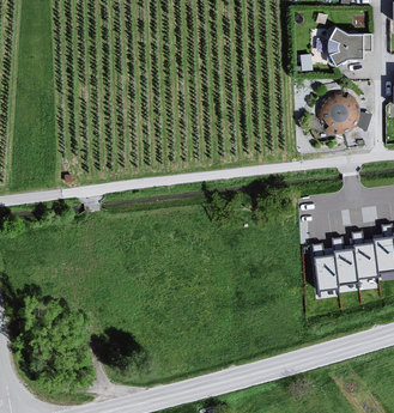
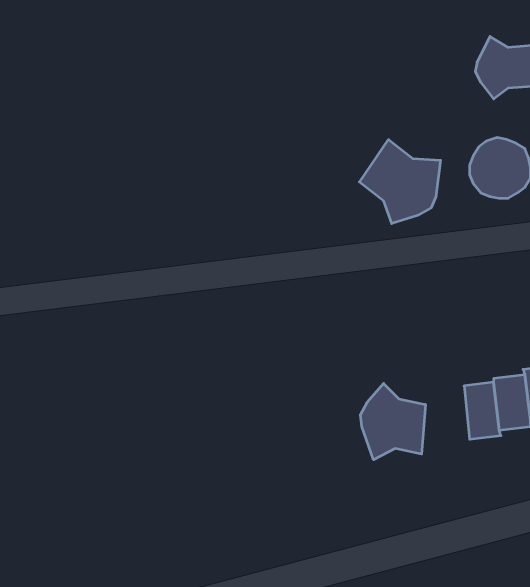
building: none -> [359,140,441,224]
building: none -> [360,383,425,460]

